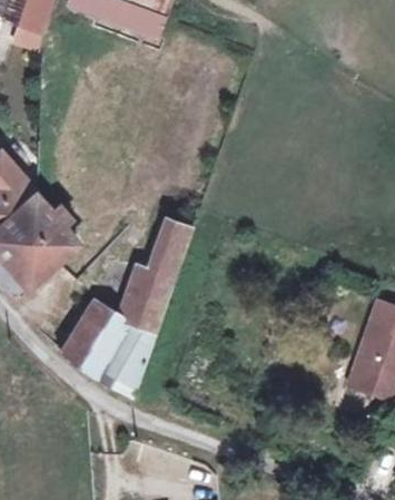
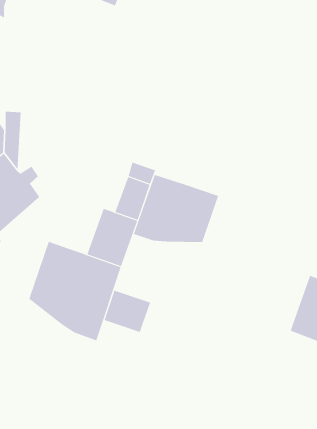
building: none -> [133,174,219,243]
building: none -> [104,290,151,333]

